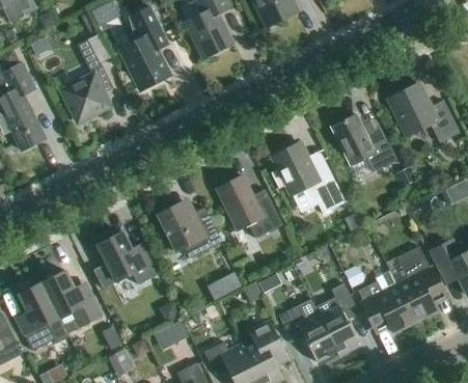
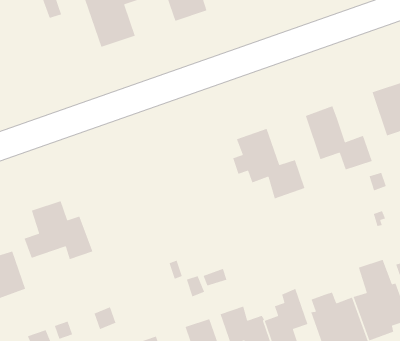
building: [61,74,109,121] -> none
building: [216,175,282,238] -> none
building: [157,197,221,258] -> none

